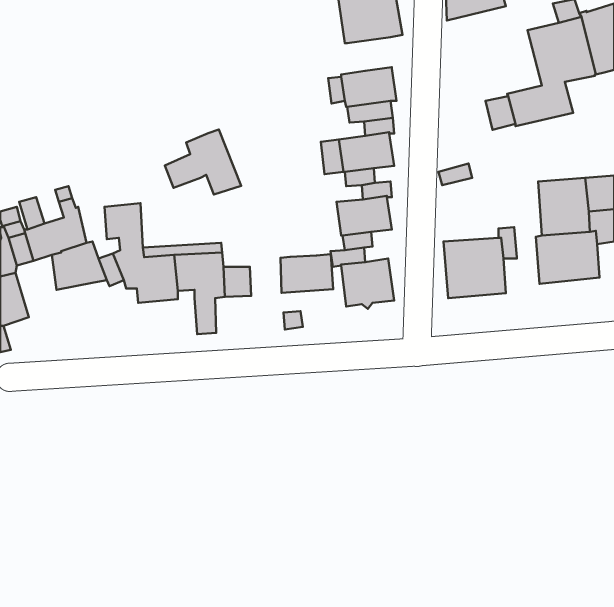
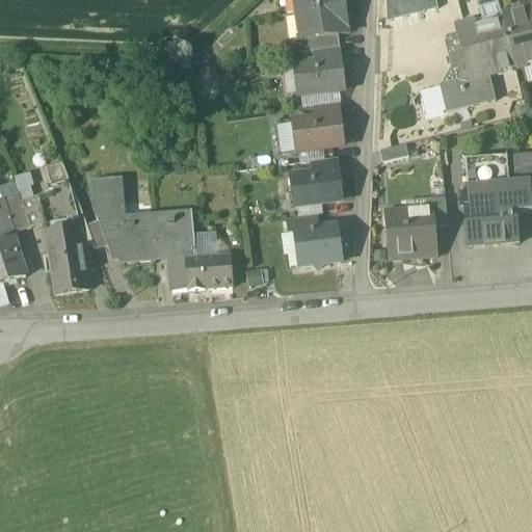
building: none -> [300,32,341,61]
building: [165,129,241,195] -> none
building: [280,254,333,293] -> [186,255,232,288]
building: none -> [49,244,88,292]

